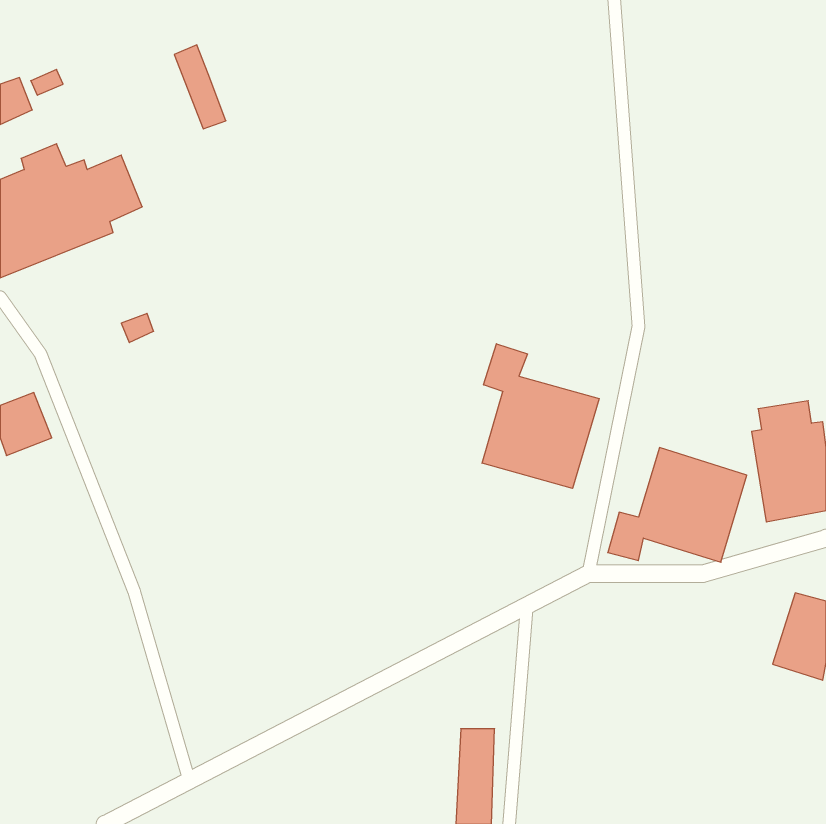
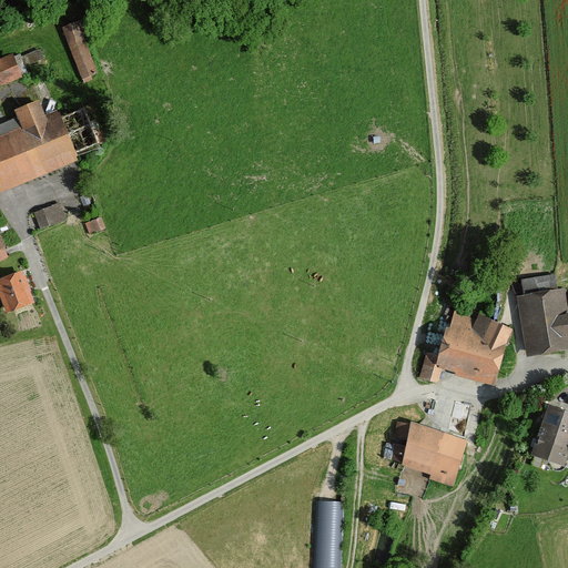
building: [174,45,226,129] -> [62,20,98,78]
building: none -> [32,203,65,232]
building: [482,344,599,488] -> none
building: none -> [400,422,466,486]

